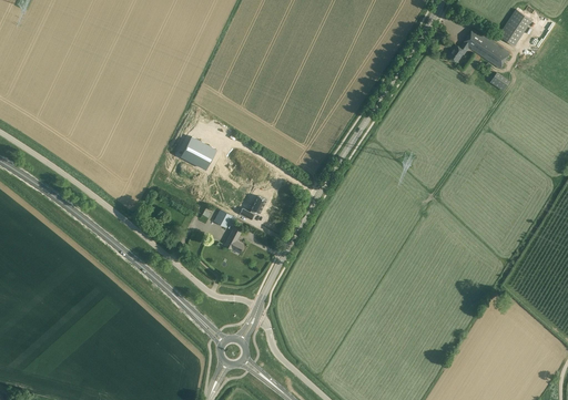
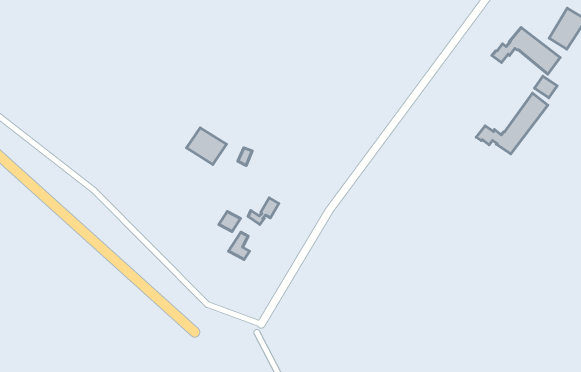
building: none -> [476,93,548,154]

